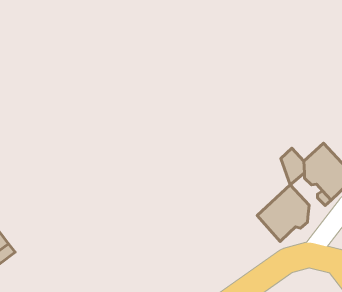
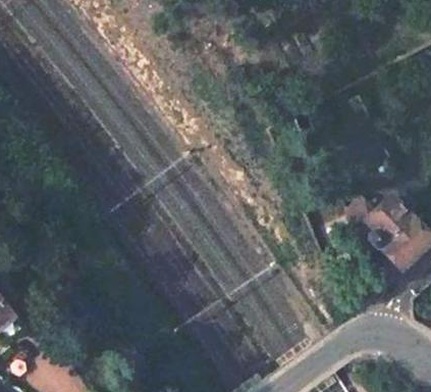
building: [257,185,309,241] -> none

